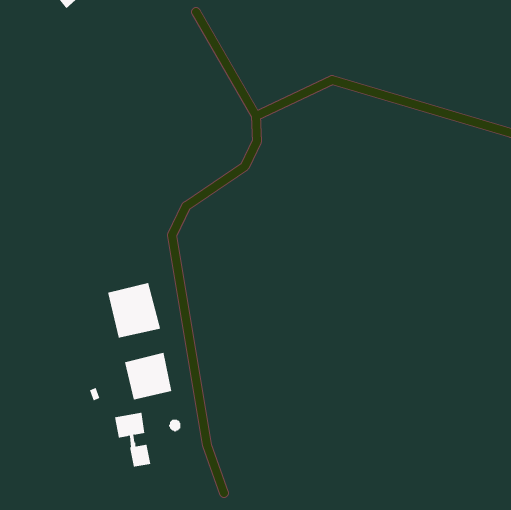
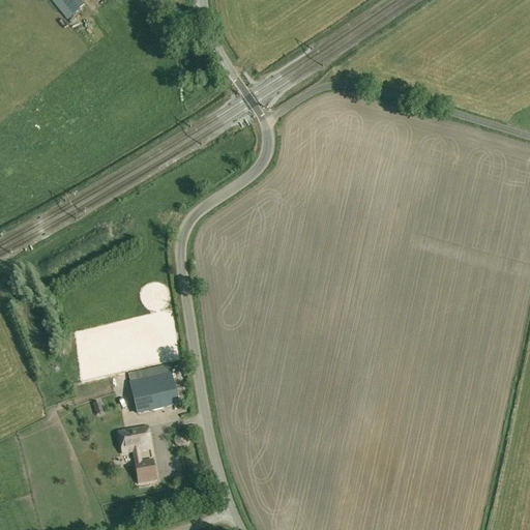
building: [108,282,161,338] -> none

